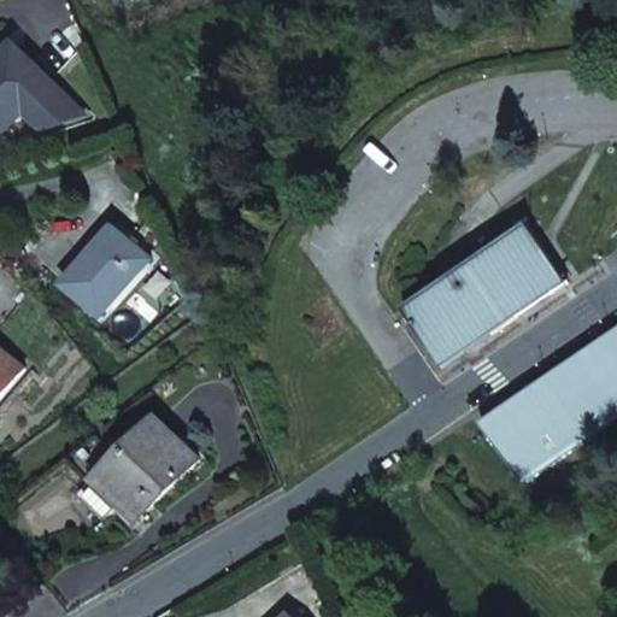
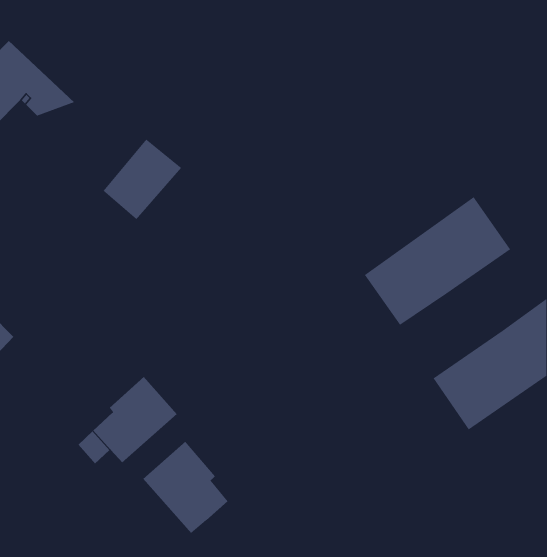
building: [64,231,152,322] -> [103,138,182,220]
building: none -> [142,441,229,534]

